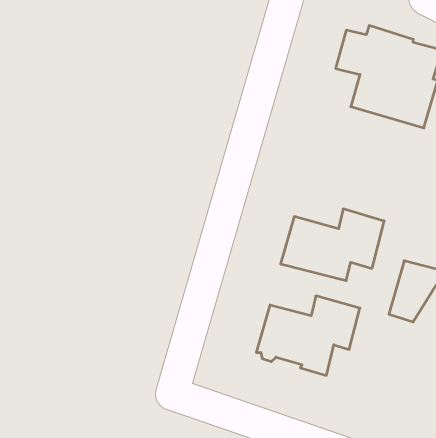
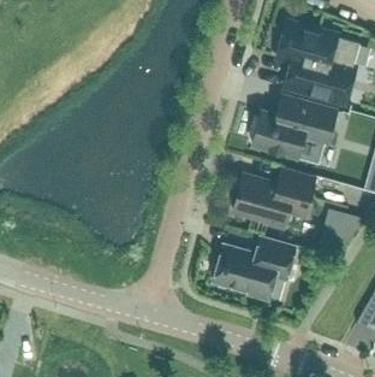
building: none -> [250,94,337,163]

